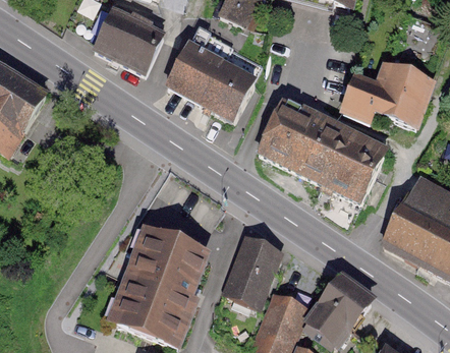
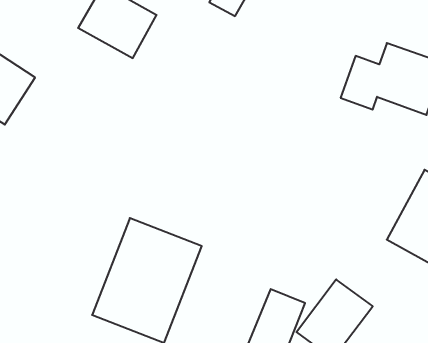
building: [165,40,256,120] -> none
building: [261,107,386,202] -> none
building: [223,237,285,307] -> none

